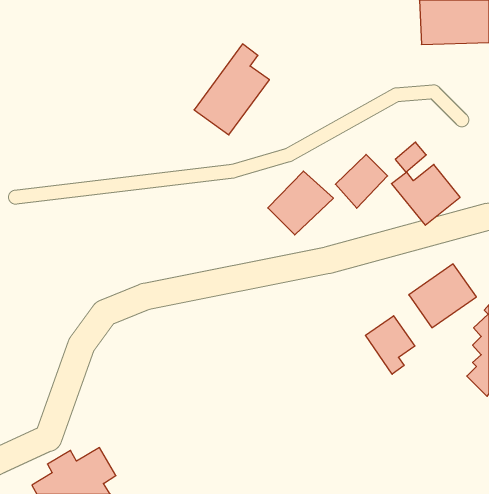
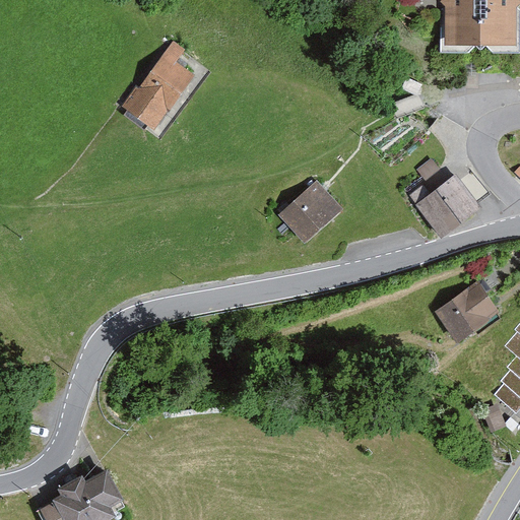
building: [194,44,269,135] -> [125,40,204,135]
building: [335,154,388,208] -> none
building: [365,316,415,374] -> none

